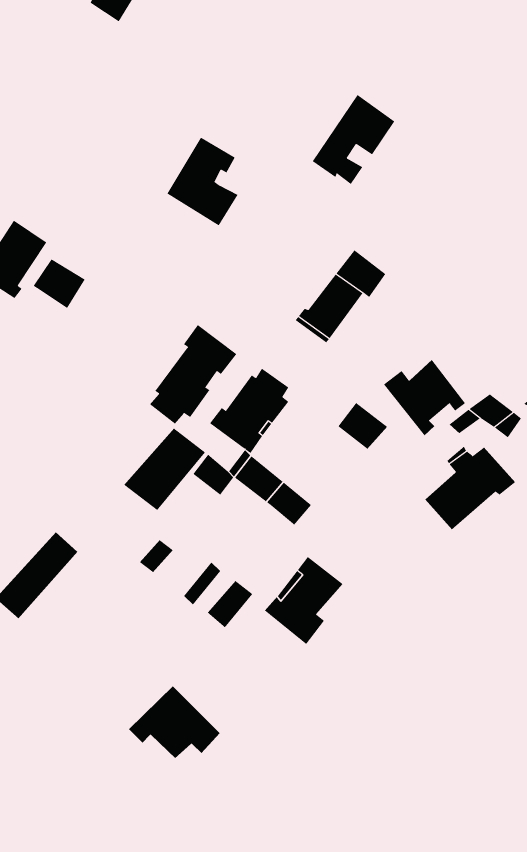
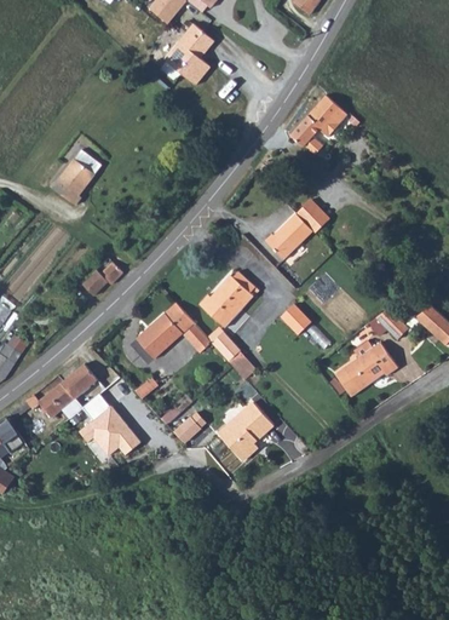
building: [166,137,239,226] -> [162,23,212,85]
building: [33,258,86,309] -> none
building: [149,324,237,424] -> none
building: [383,359,466,436] -> none
building: none -> [81,262,123,294]
building: [128,685,221,759] -> [81,404,143,454]

